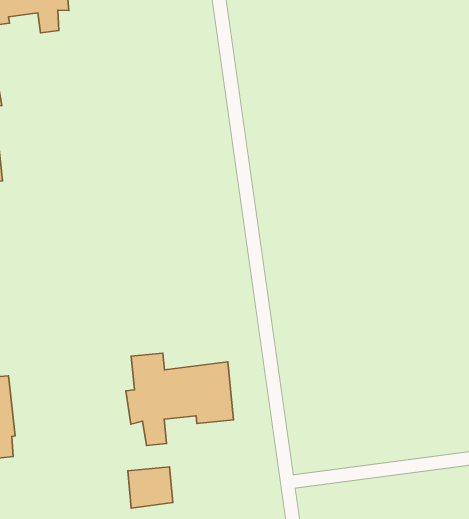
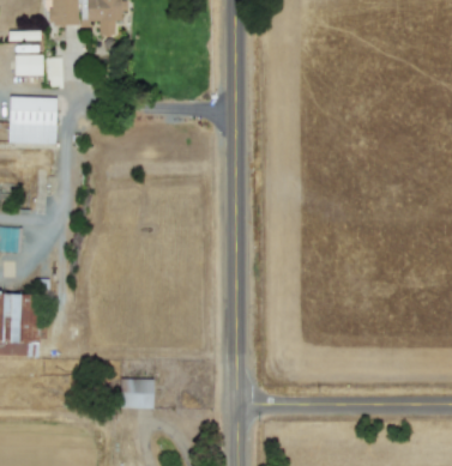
building: [126,353,234,445] -> none

